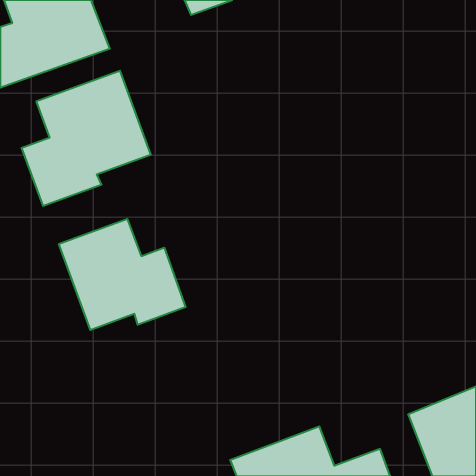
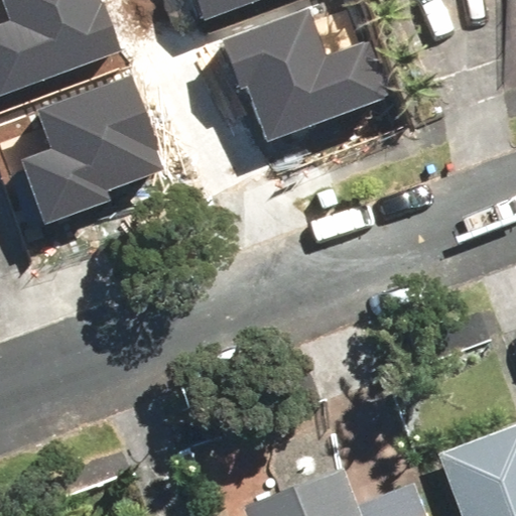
building: none -> [229,12,386,140]
building: [59,219,186,330] -> none

